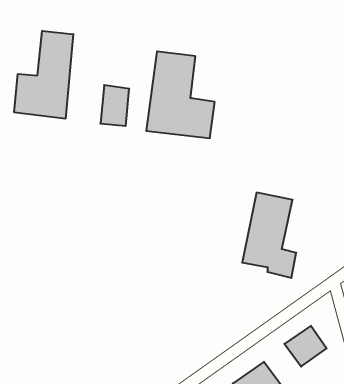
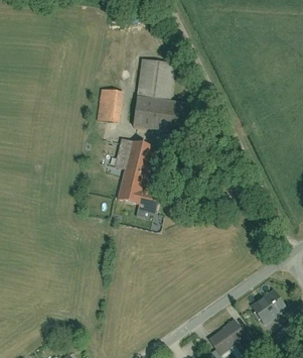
building: [14,31,73,119] -> none
building: [242,193,296,278] -> [116,139,161,211]

